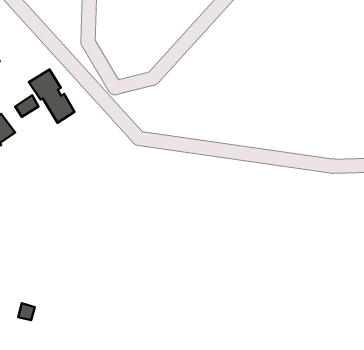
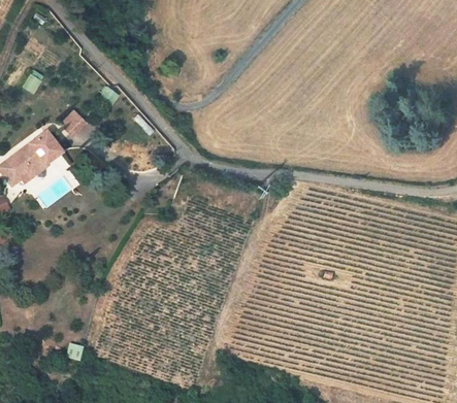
building: [29,70,74,123] -> none

